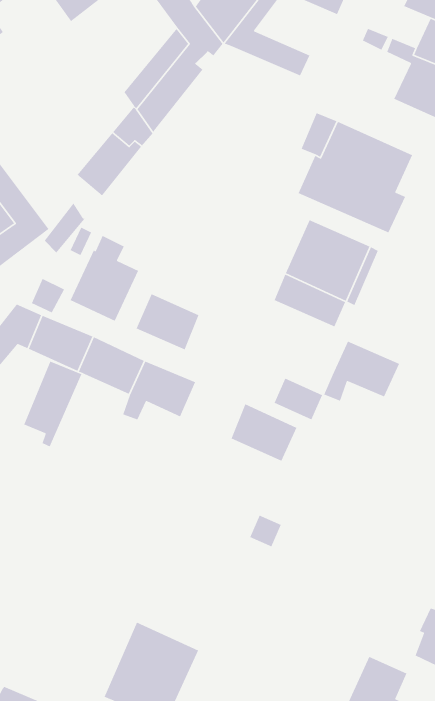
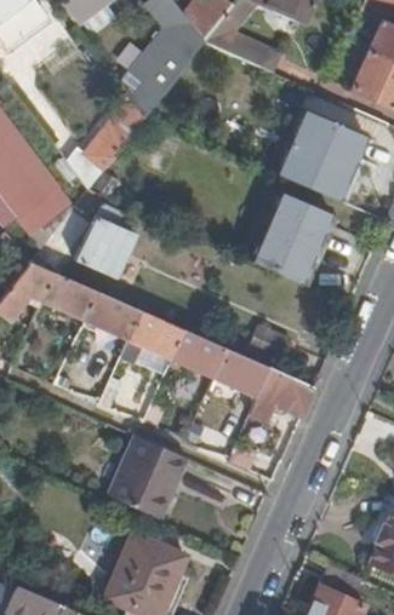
building: [135,293,200,350] -> [170,329,224,378]
building: [323,341,400,402] -> [249,368,314,420]
building: [23,360,82,447] -> none
building: none -> [107,436,185,519]

